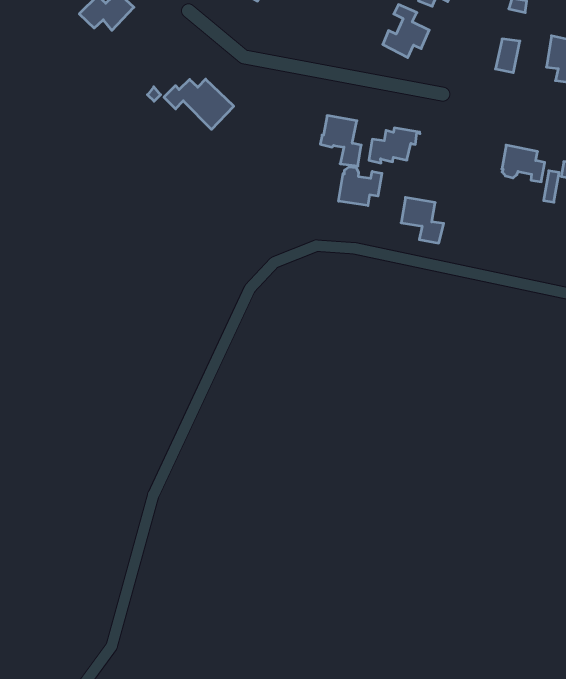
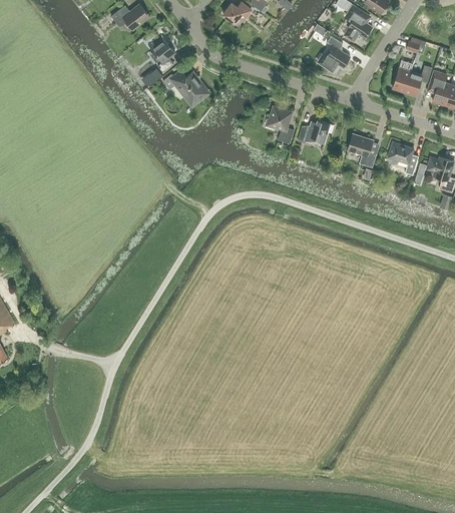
building: none -> [404,65,432,95]
building: none -> [148,35,175,72]
building: [339,167,382,206] -> none
building: [401,197,444,243] -> [348,133,377,167]

